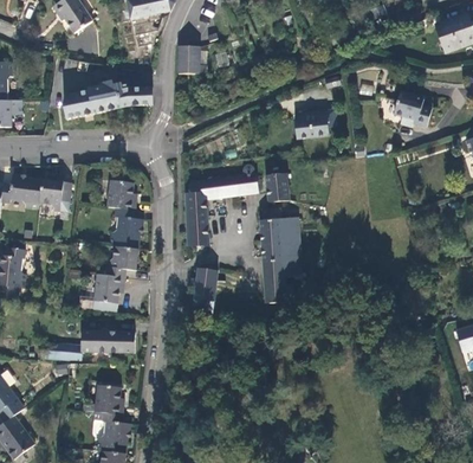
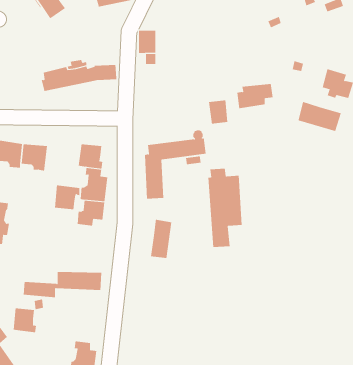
building: none -> [298,101,342,132]
building: [265,172,289,200] -> [208,100,228,124]
building: [93,272,124,302] -> [54,185,80,210]
building: [95,384,123,413] -> [13,308,37,333]

